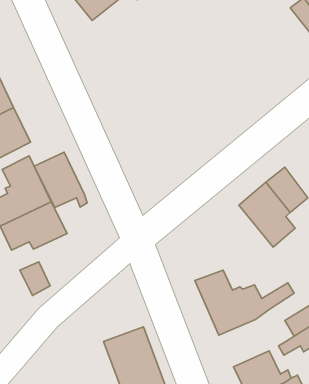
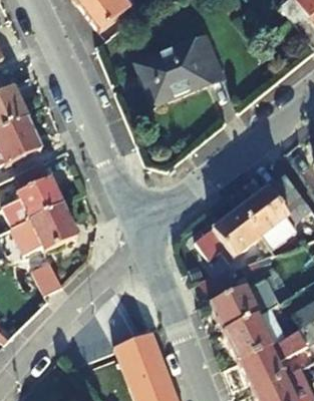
building: none -> [135,35,224,105]
building: [34,152,87,207] -> none
building: none -> [198,208,278,267]
building: none -> [223,307,287,362]

